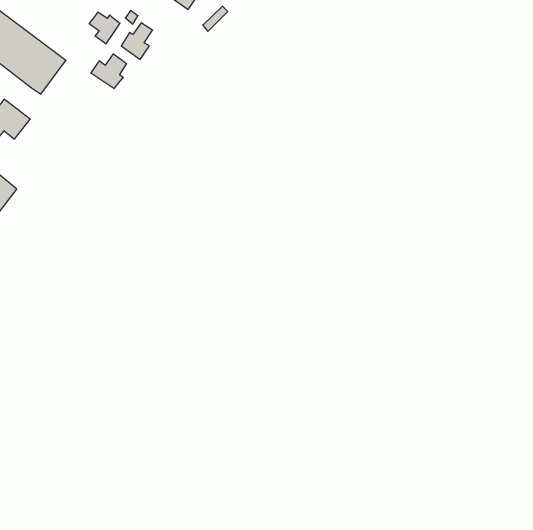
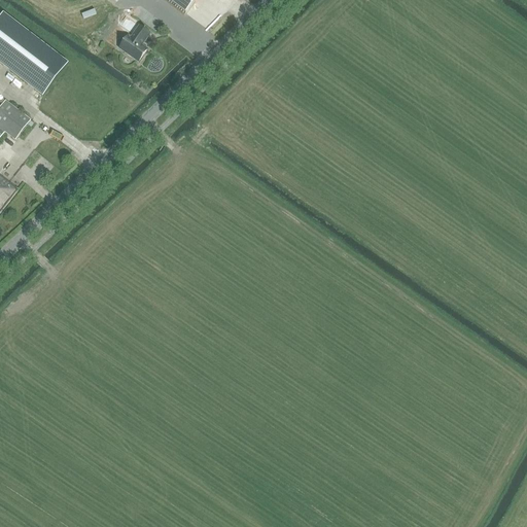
building: [89,12,120,44] -> none
building: [91,54,127,89] -> none

